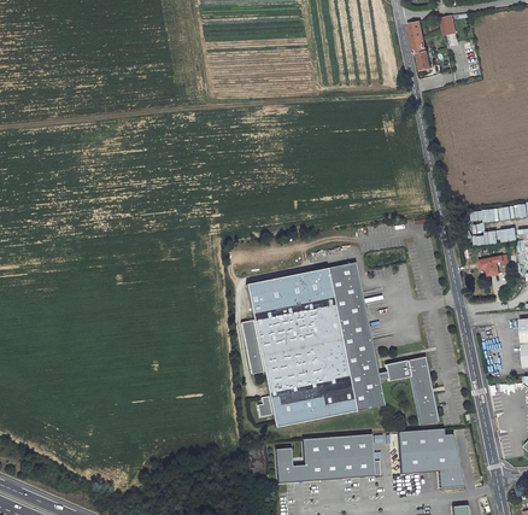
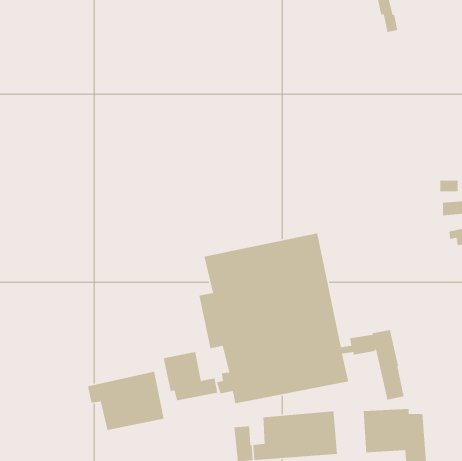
building: none -> [163,351,218,401]
building: none -> [87,371,165,431]

